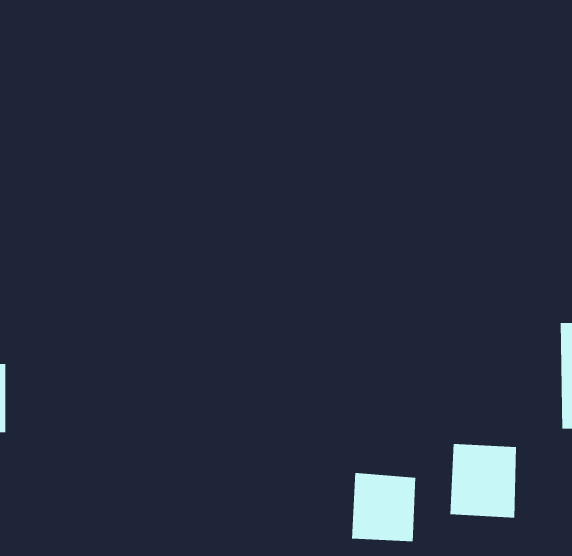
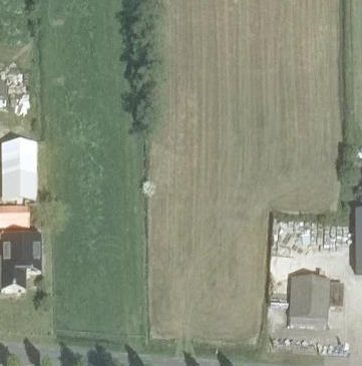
building: [352,472,416,542] -> none

